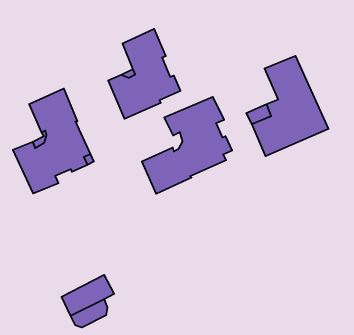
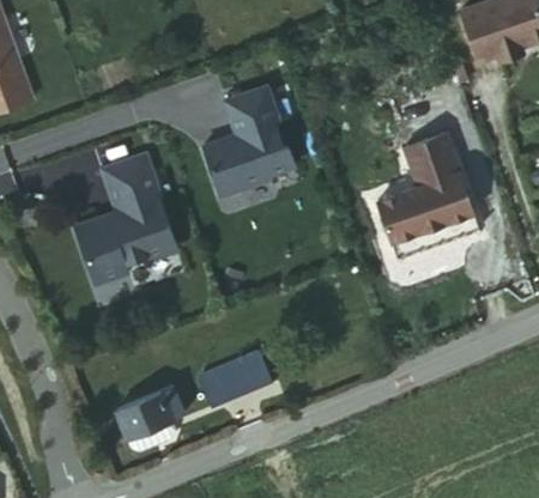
building: [142,97,232,194] -> none
building: none -> [202,359,262,413]

